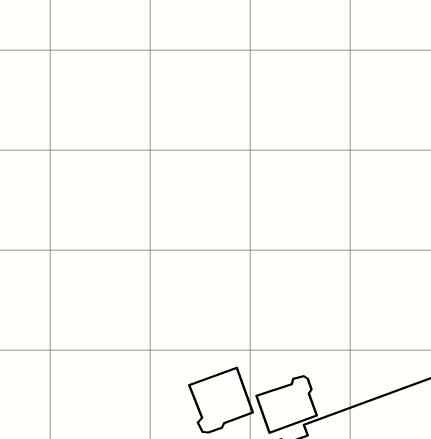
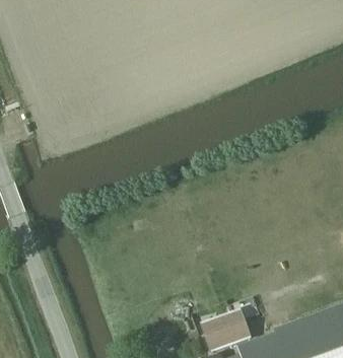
building: [189,368,253,433] -> none

